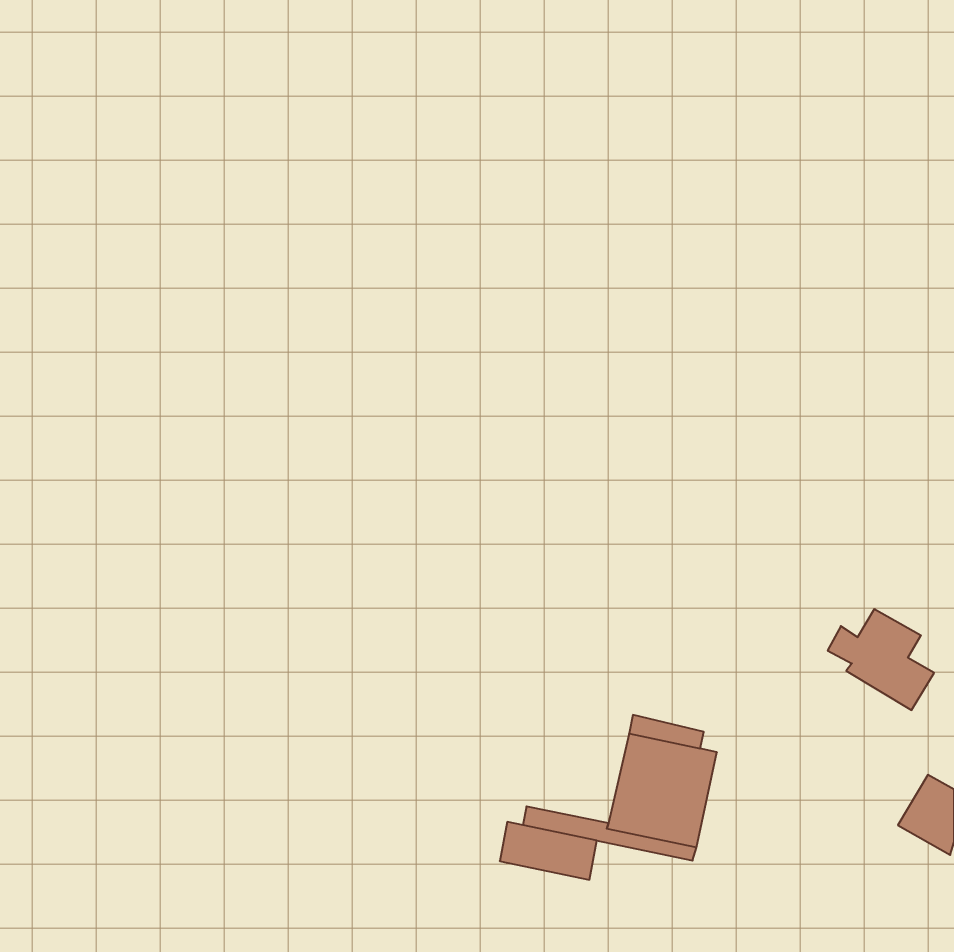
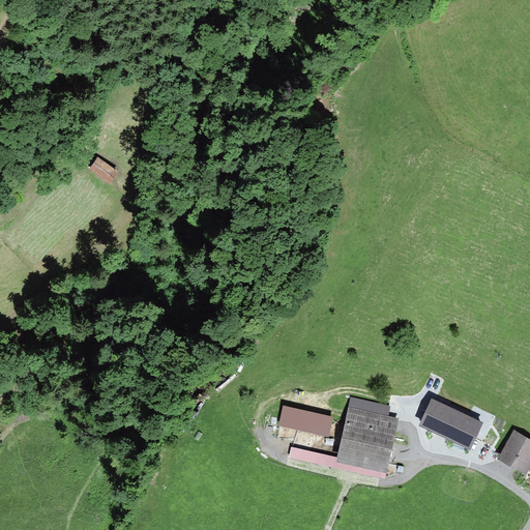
building: none -> [89,156,119,184]
building: [828,609,934,710] -> [419,396,478,452]
building: [500,822,597,880] -> [282,402,335,434]

